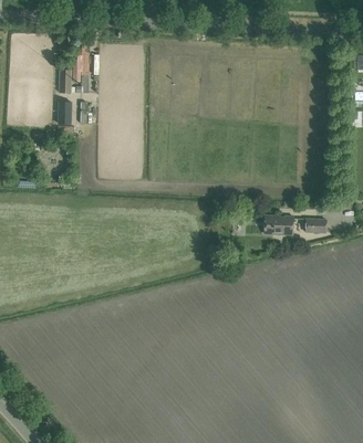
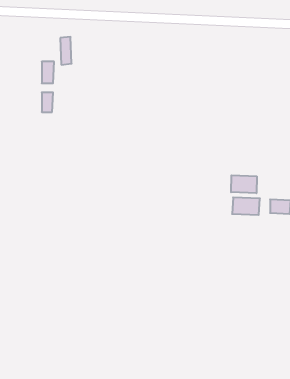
building: none -> [231,175,257,193]

